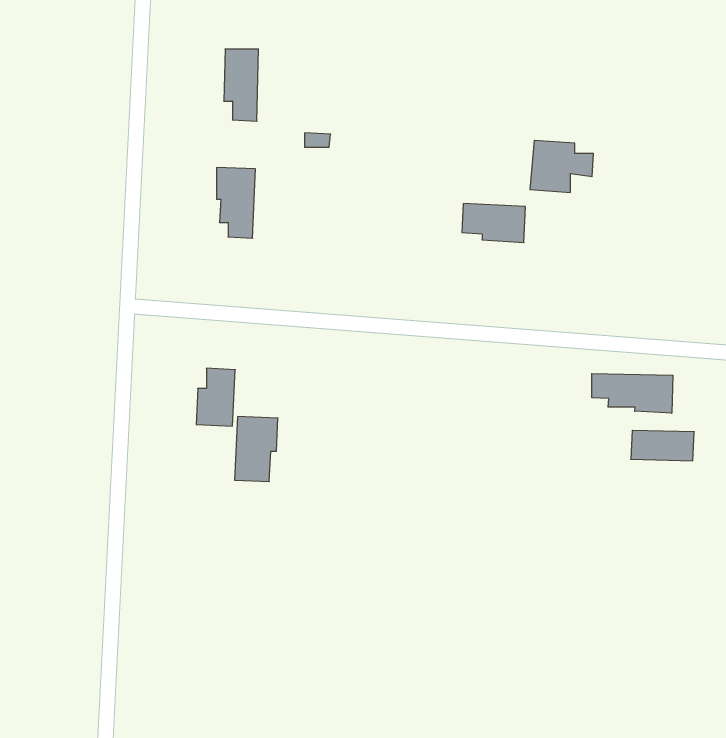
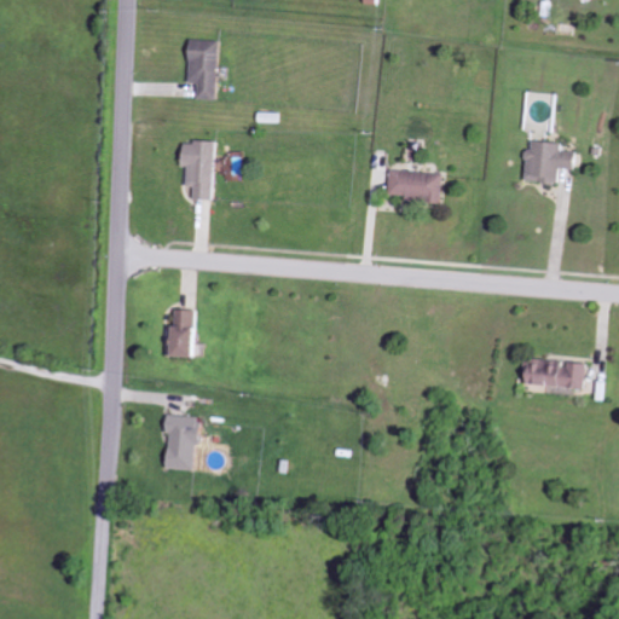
building: [530,140,593,192] -> [522,140,575,184]
building: [592,374,673,413] -> none
building: [235,417,278,482] -> [163,415,199,469]

